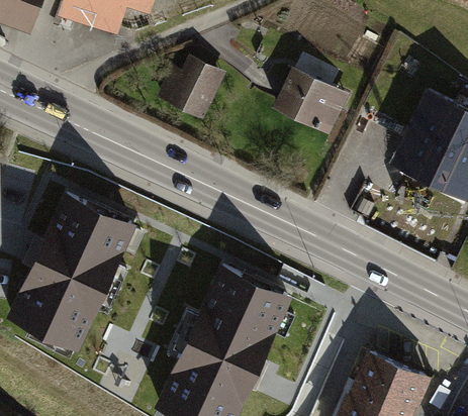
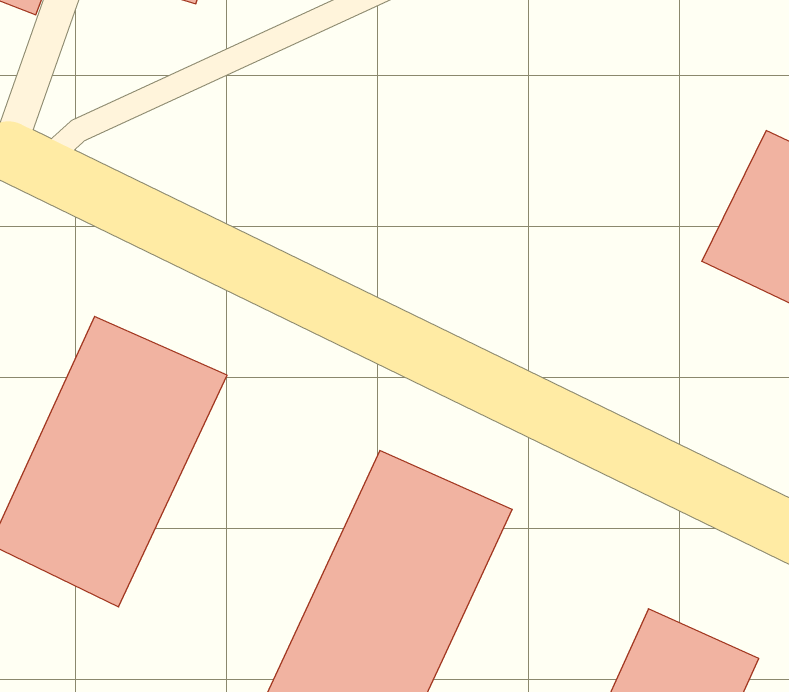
building: [155,53,222,119] -> none
building: [277,68,350,136] -> none

